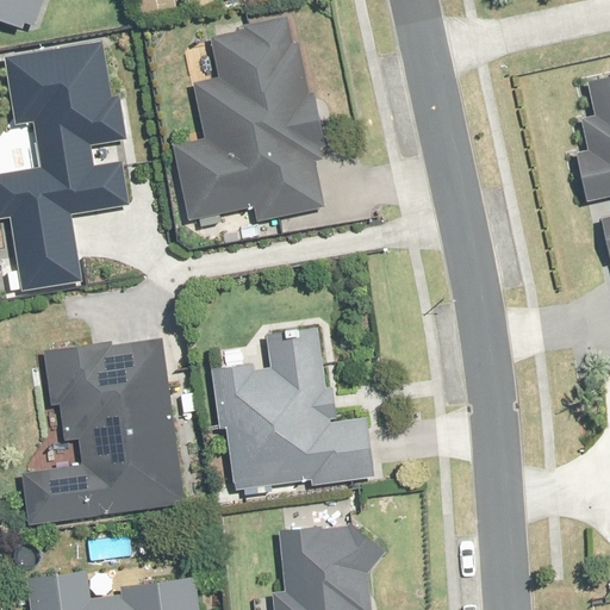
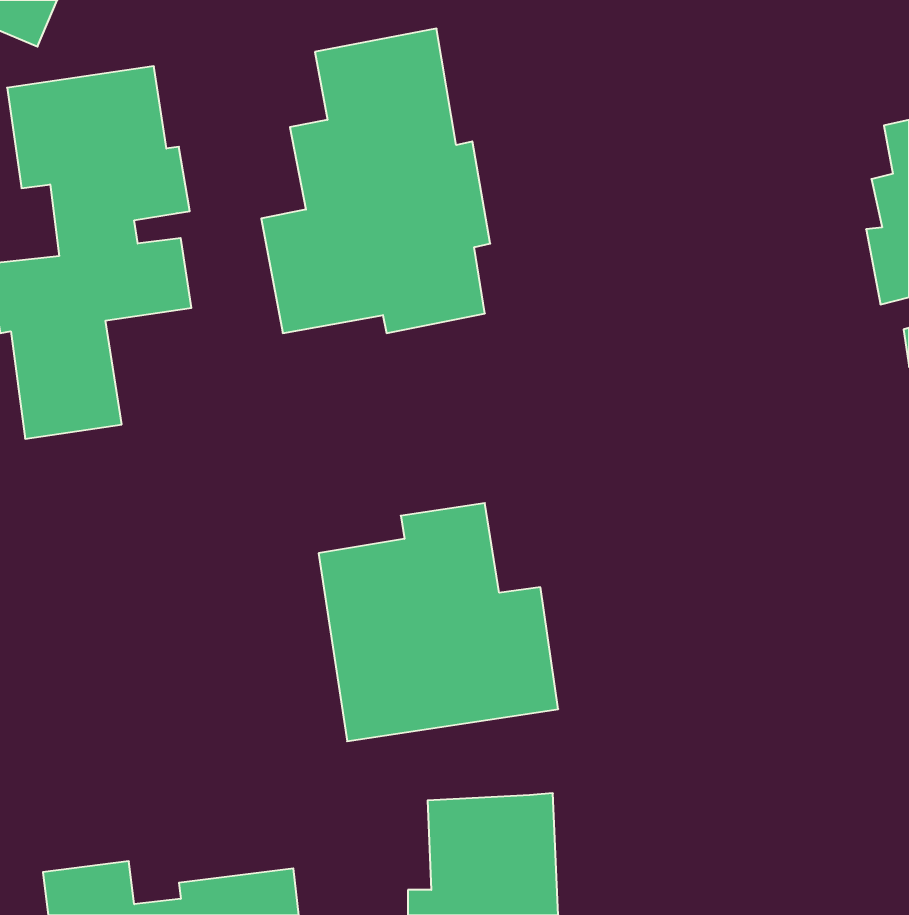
building: [23,343,182,523] -> none

